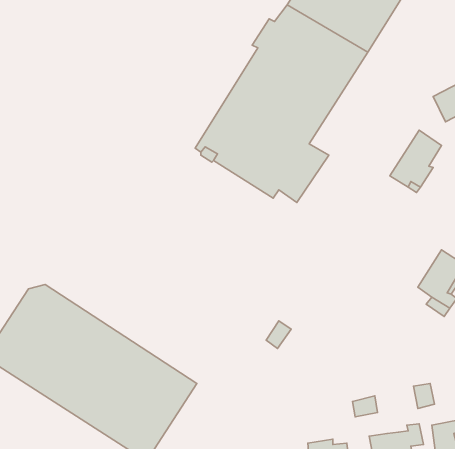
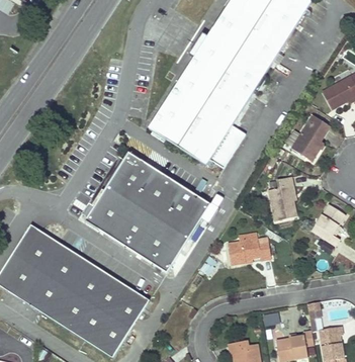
building: none -> [85,153,209,271]
building: none -> [267,175,296,219]
building: none -> [227,237,271,264]

